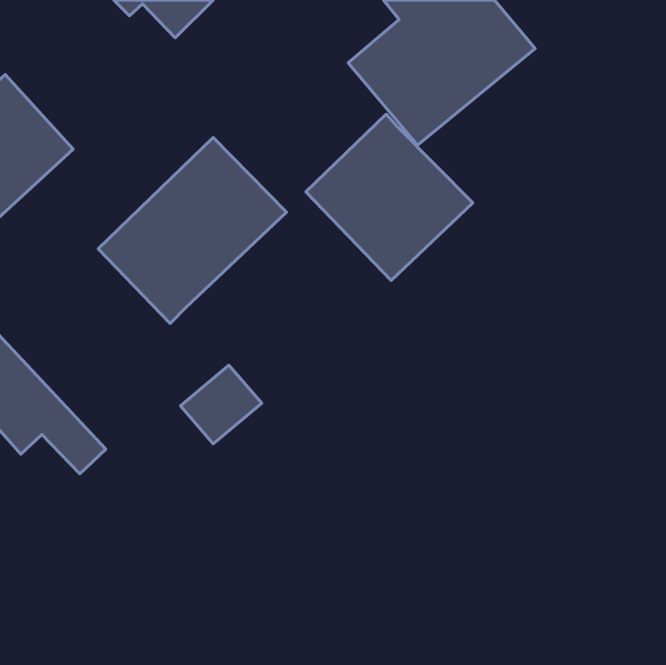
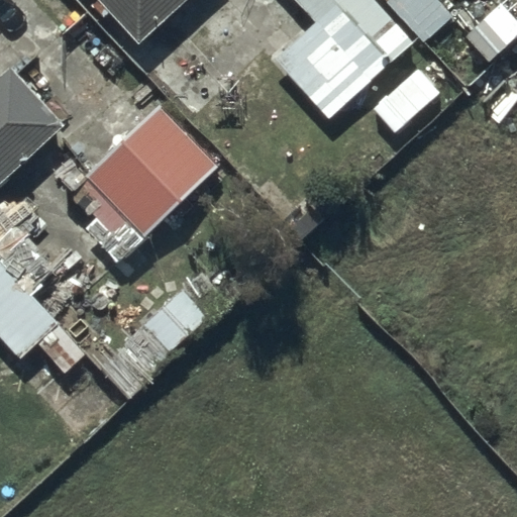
building: [306,114,473,280] -> none

